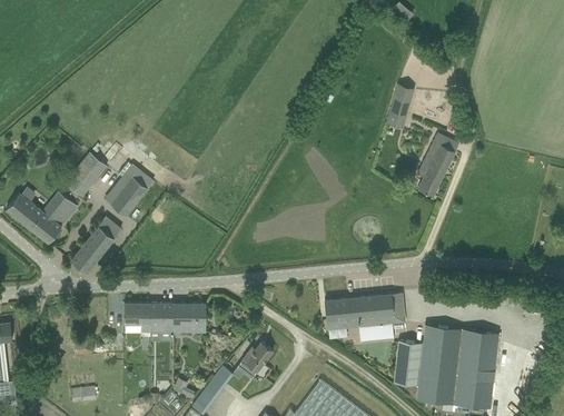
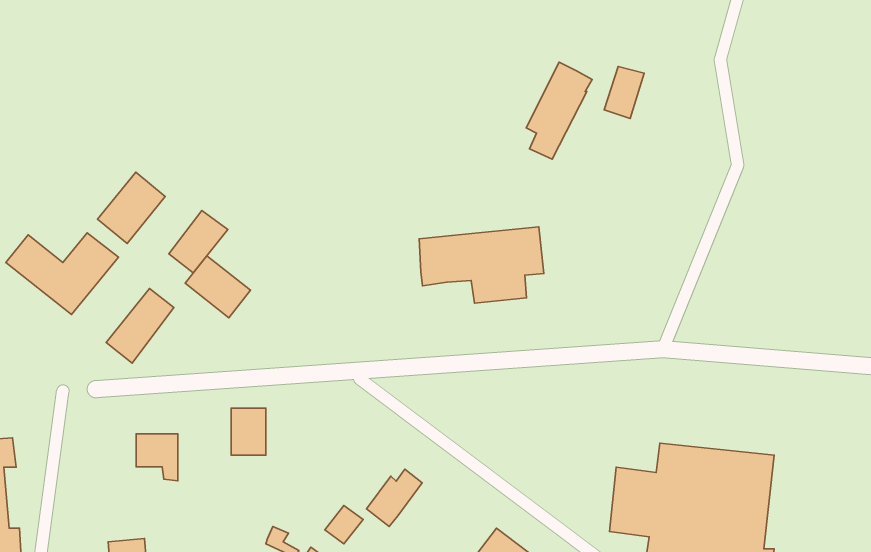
building: [416,133,458,196] -> [526,62,592,159]
building: none -> [185,256,251,318]
building: [325,294,405,343] -> [419,227,544,303]
building: [123,304,150,334] -> [136,434,178,481]
building: [172,304,206,334] -> none

